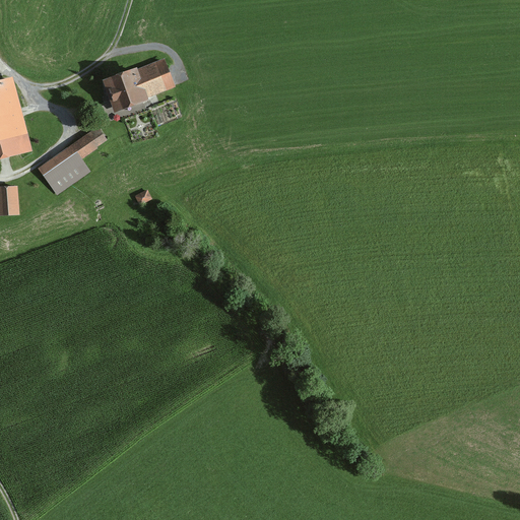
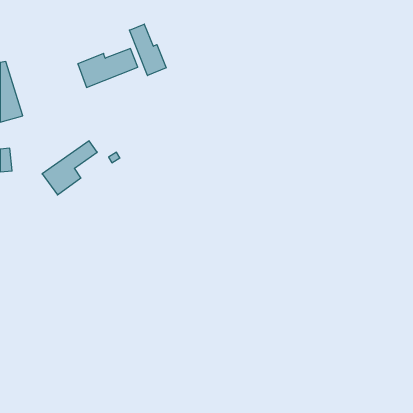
building: none -> [129,24,166,76]
building: [39,127,108,195] -> [42,141,97,195]

